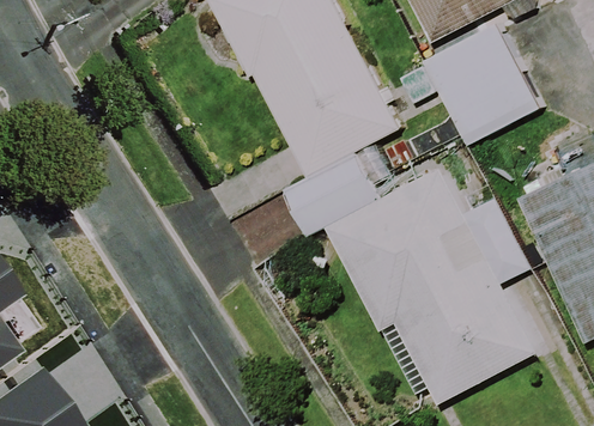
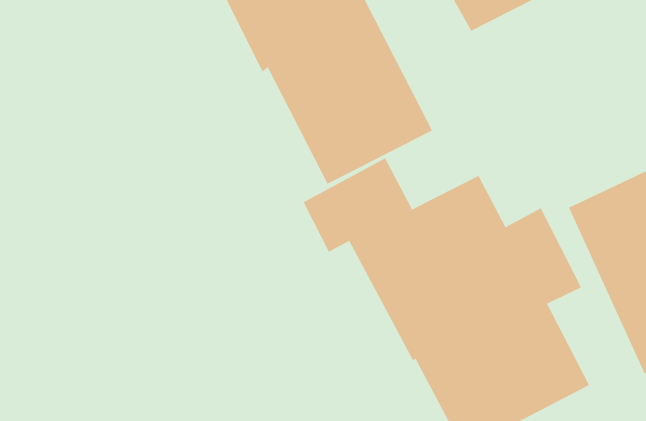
building: [426,18,544,142] -> none

